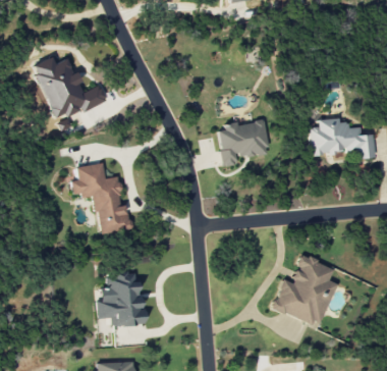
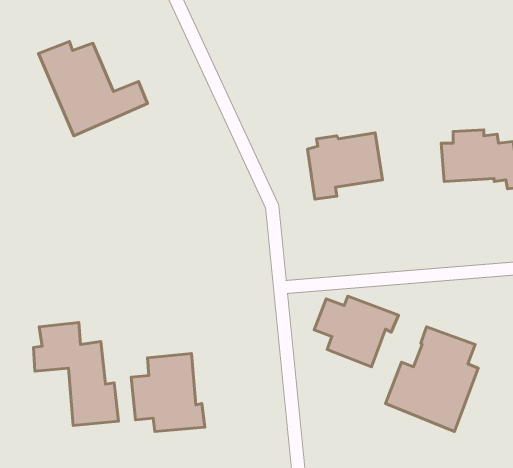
building: [72,163,131,234] -> [33,323,119,425]
building: none -> [314,296,398,367]

